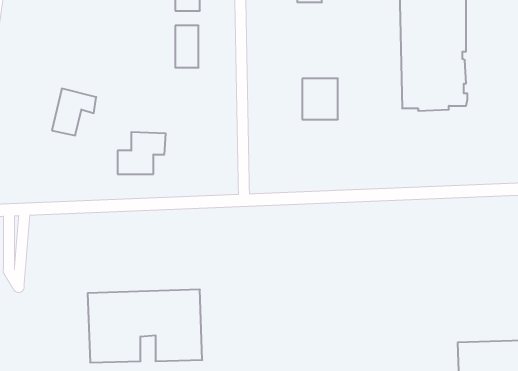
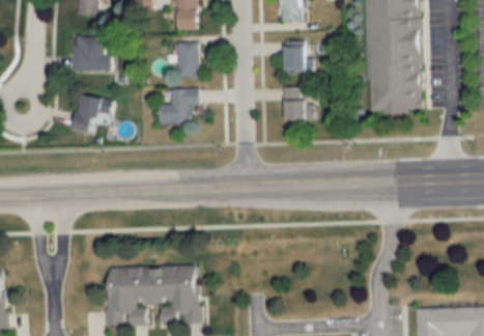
building: none -> [72,37,110,71]
building: none -> [285,41,313,73]
building: [118,132,166,174] -> [159,88,199,123]

